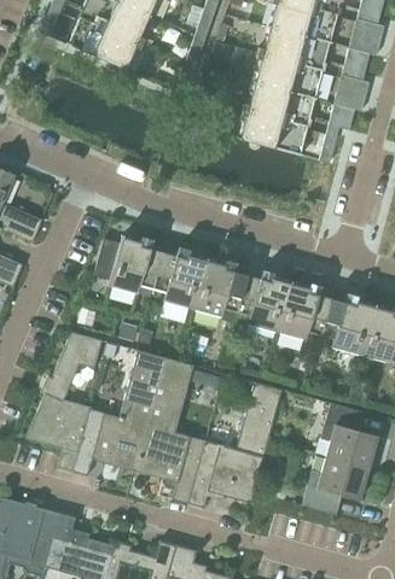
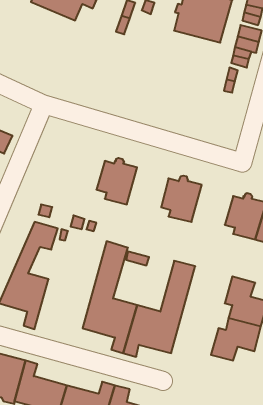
building: [240,82,315,154] -> none
building: [94,238,164,298] -> none
building: [193,261,248,317] -> none
building: [278,283,332,340] -> none
building: [72,350,167,475] -> none

